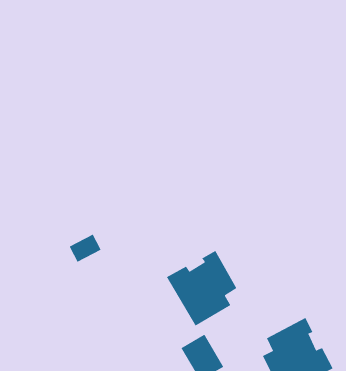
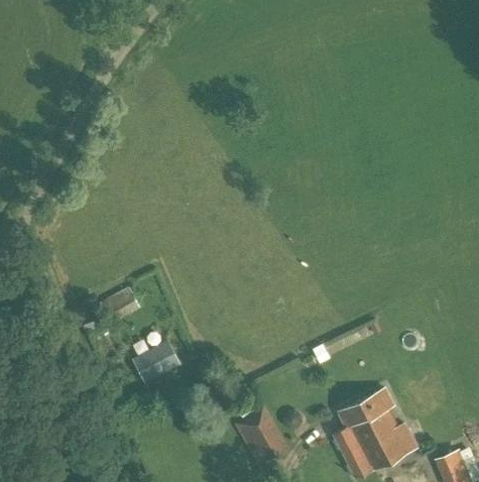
building: [166,250,237,327] -> none
building: none -> [133,341,179,381]

